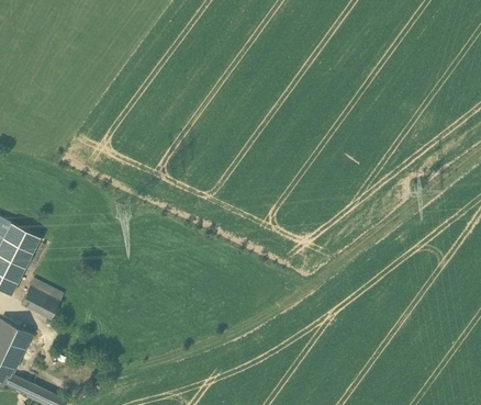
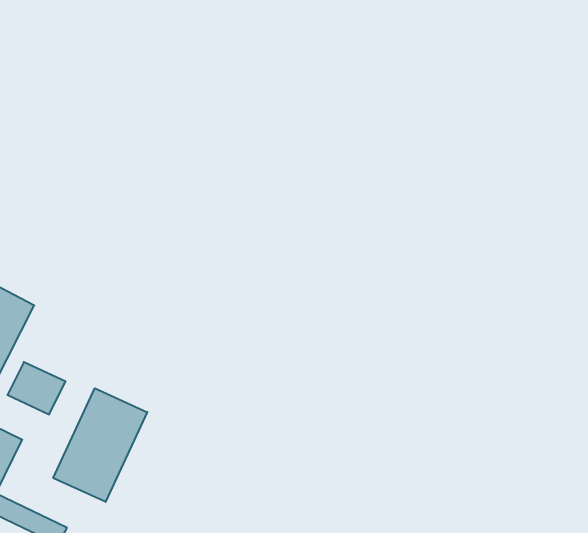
building: none -> [53,388,147,502]

